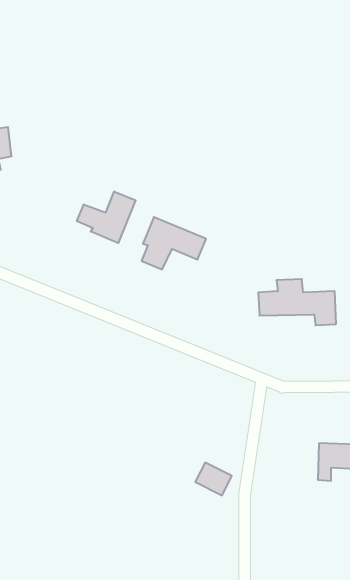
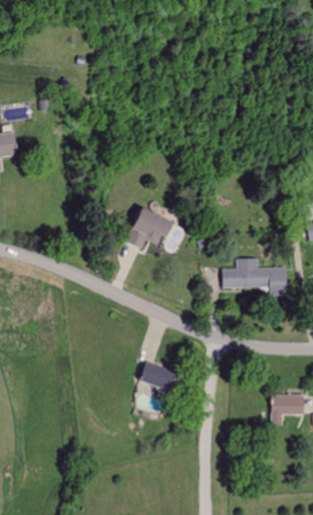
building: [77,191,136,243] -> none
building: [195,463,232,495] -> [137,362,167,390]

